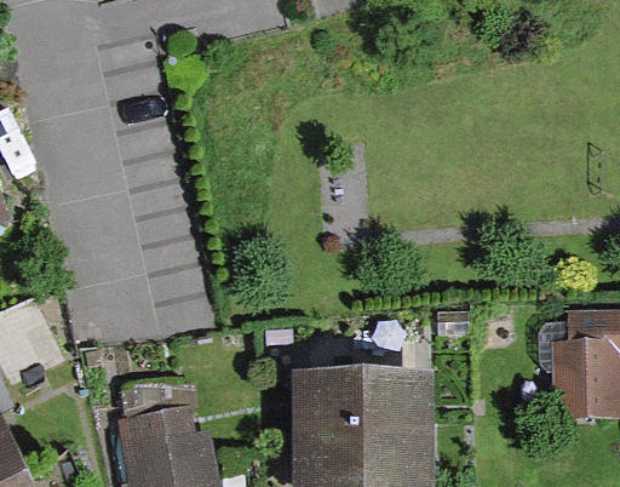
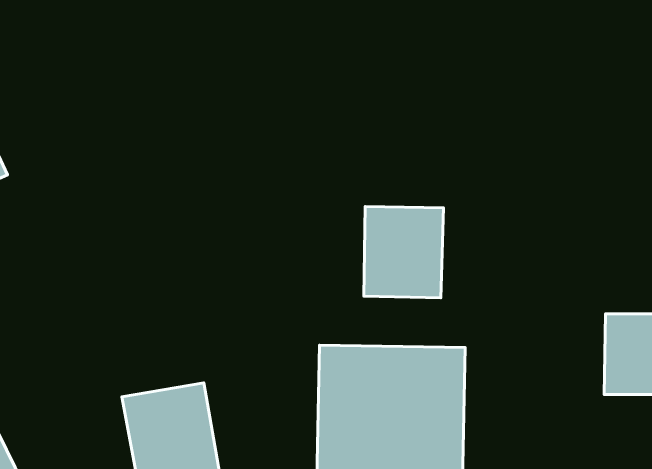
building: none -> [364,207,444,298]

